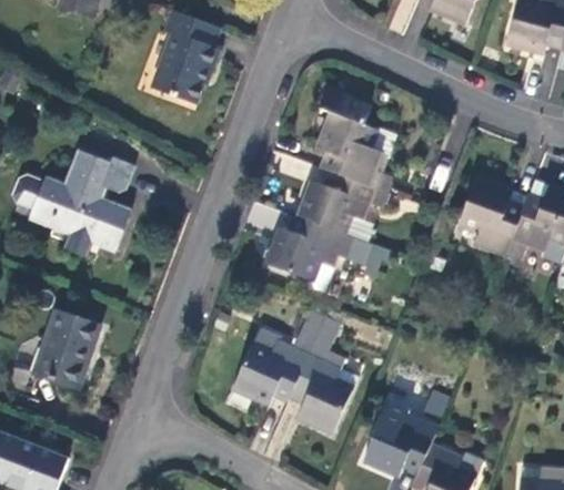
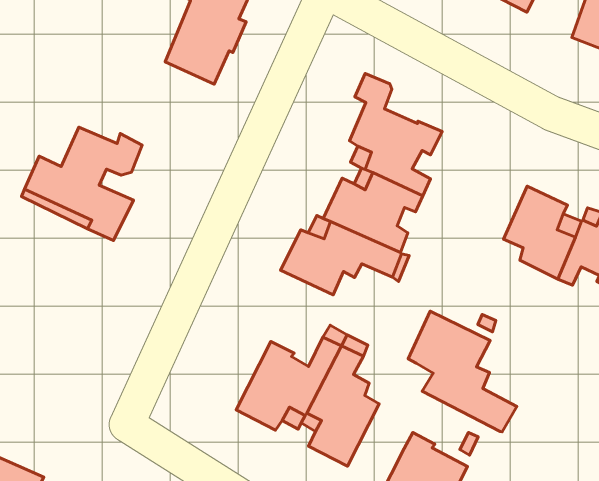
building: none -> [408,311,517,432]
building: [32,309,98,388] -> none

